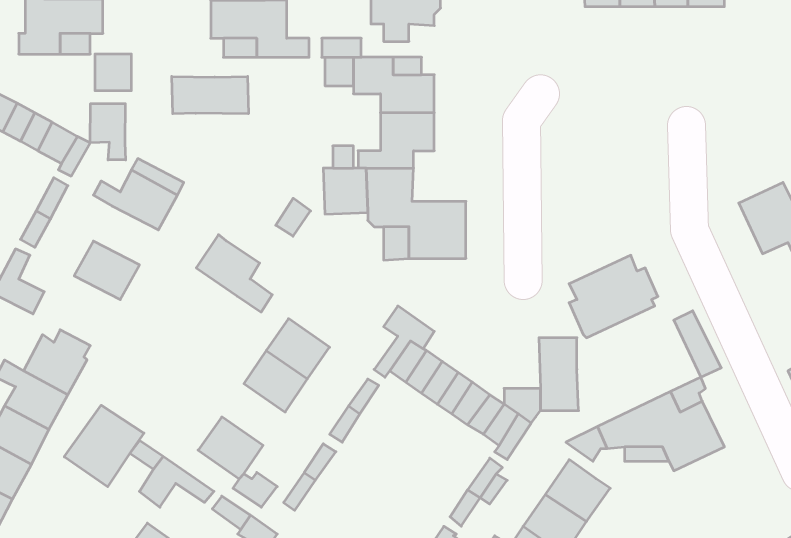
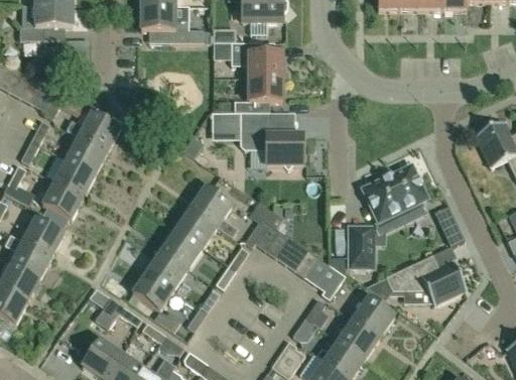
building: [172,76,248,114] -> none
building: [90,104,126,160] -> none
building: none -> [268,113,294,134]
building: none -> [66,137,107,174]
building: [196,235,272,312] -> [189,187,238,237]
building: none -> [41,181,83,226]
building: none -> [373,201,426,241]
building: none -> [147,250,187,289]
building: [64,405,144,487] -> none

